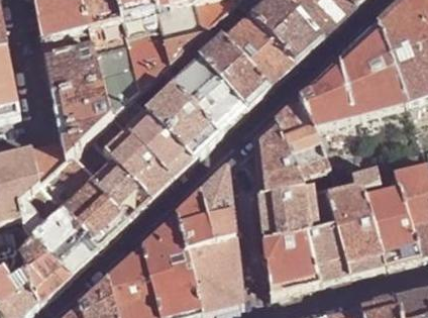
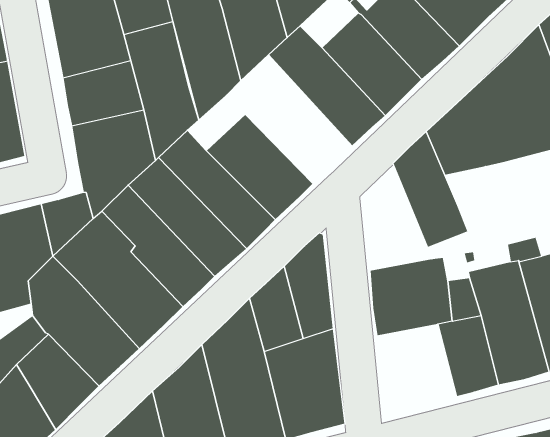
building: [162,40,249,130] -> none
building: [255,116,305,191] -> none
building: [266,228,322,291] -> none

